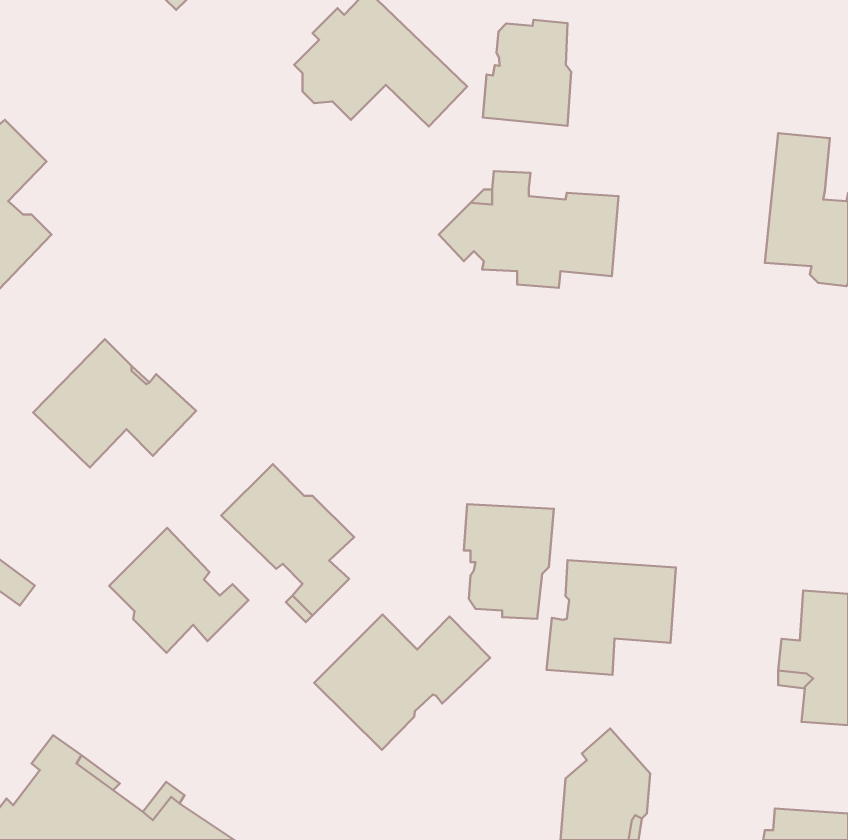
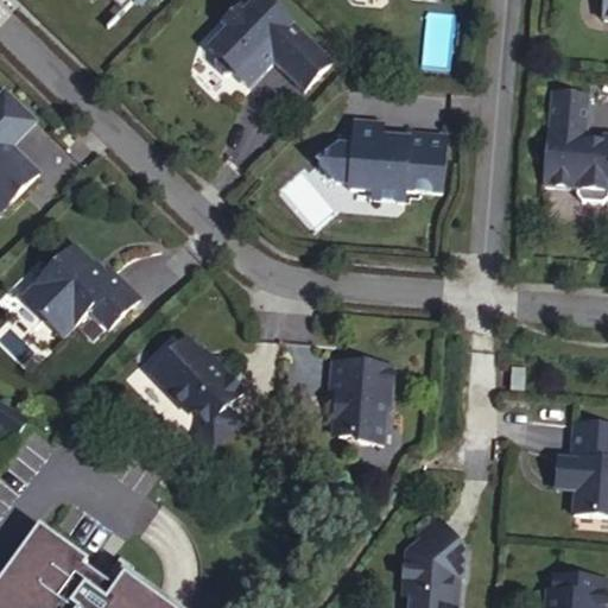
building: [483,20,571,126] -> none
building: [109,528,249,653] -> none
building: [547,560,676,675] -> none
building: [314,614,490,750] -> none

